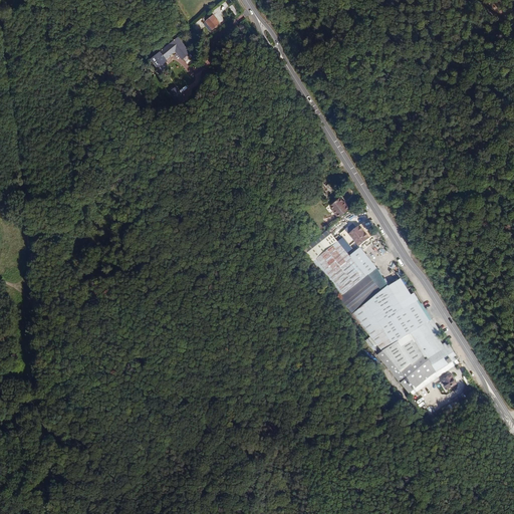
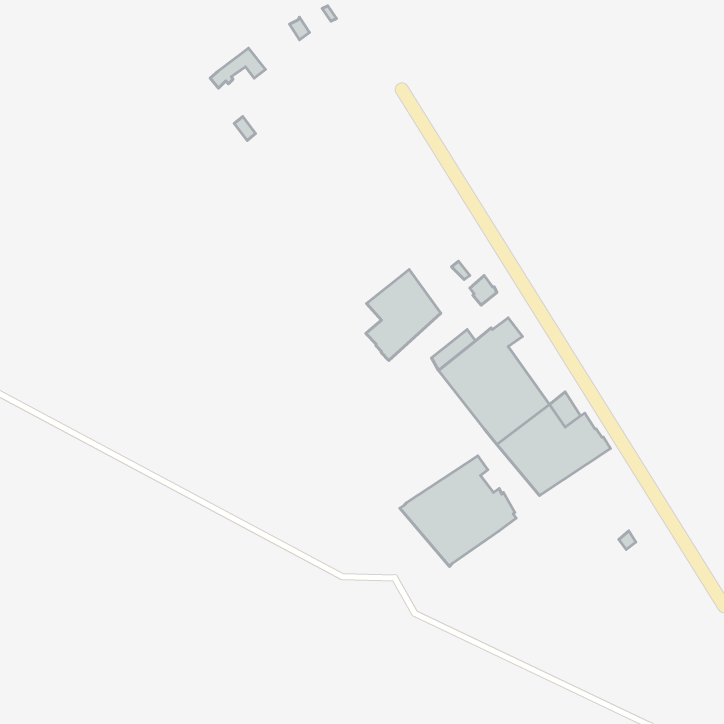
building: none -> [366,269,441,360]
building: [376,318,459,397] -> [400,456,516,566]

